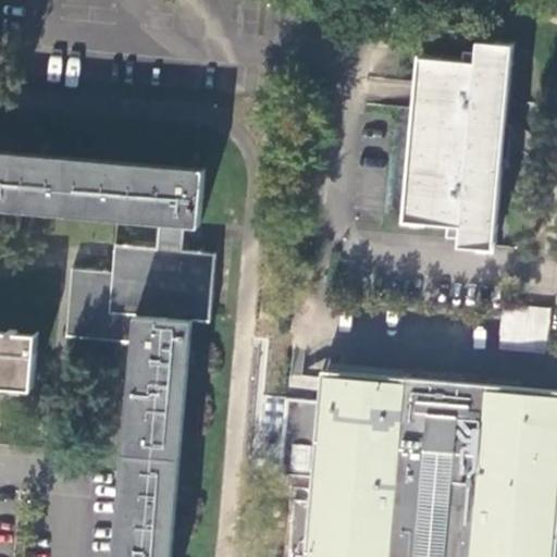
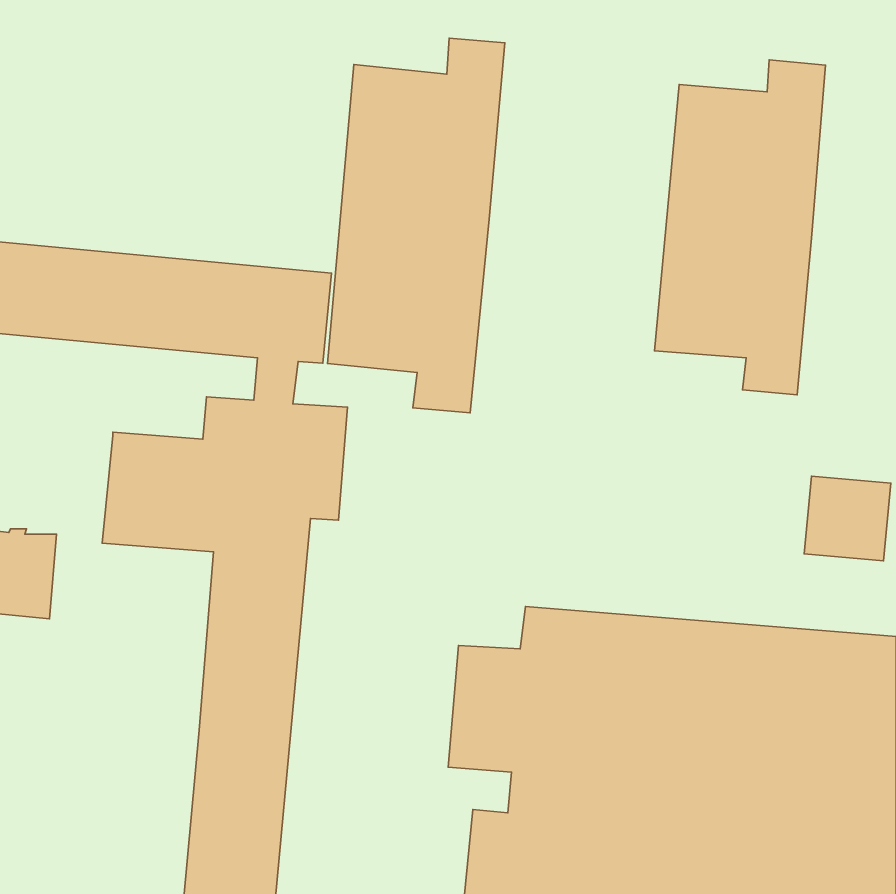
building: none -> [328,38,505,413]

